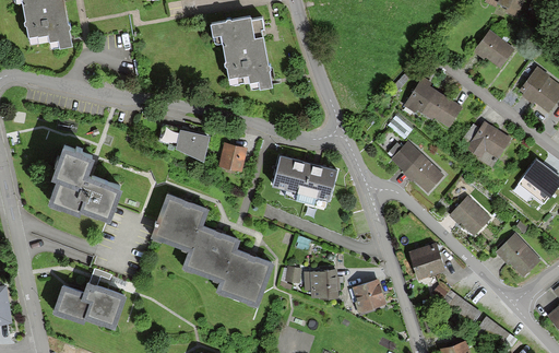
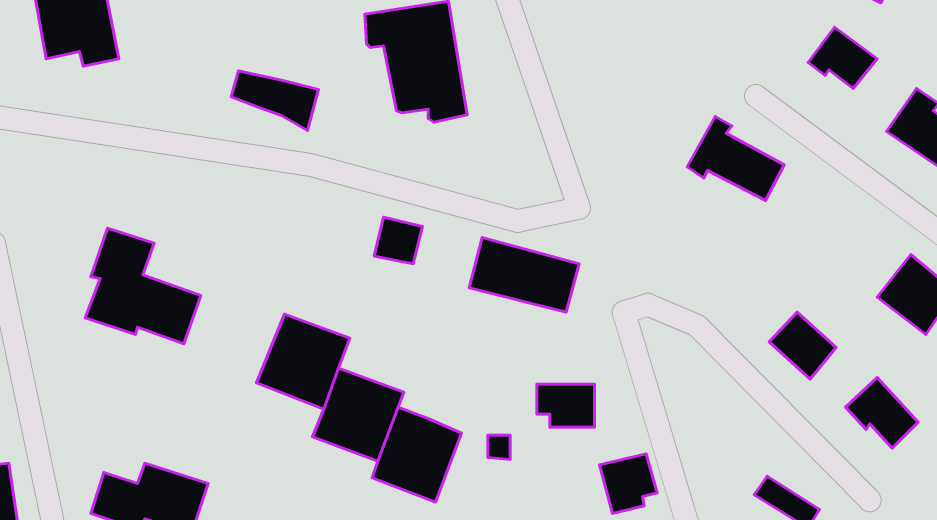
building: [155,127,206,162] -> [231,71,319,130]
building: [465,127,509,163] -> none
building: [392,142,444,191] -> none
building: [408,244,444,279] -> none
building: [304,272,337,297] -> [537,384,594,427]

